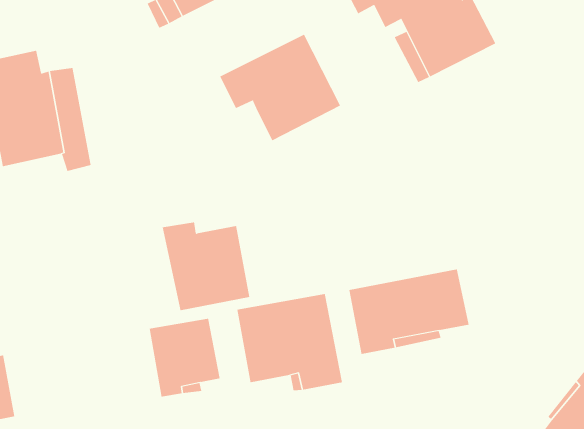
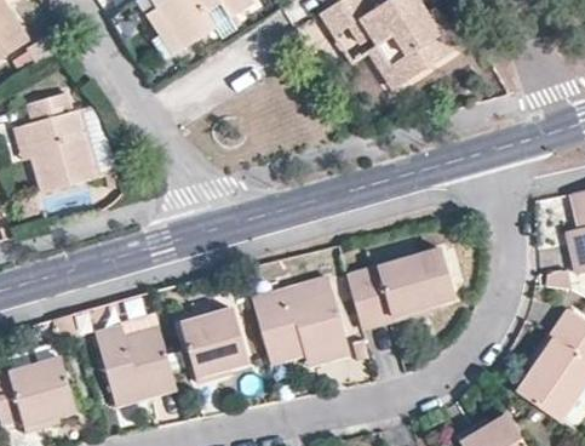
building: [219,34,341,141] -> none
building: [162,222,250,311] -> [93,326,174,404]

